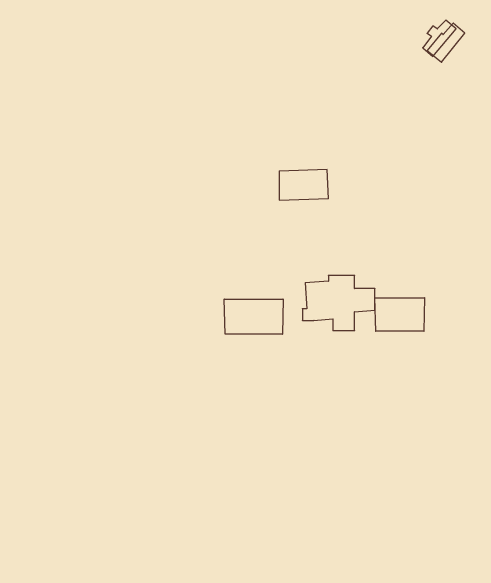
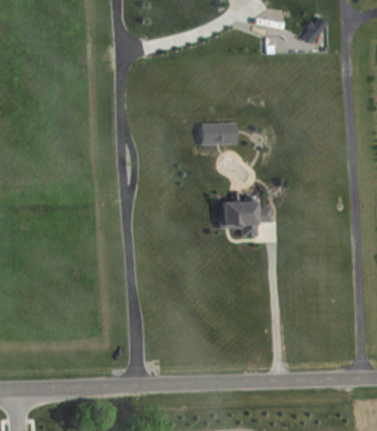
building: [375,298,425,331] -> none
building: [224,299,283,334] -> none

